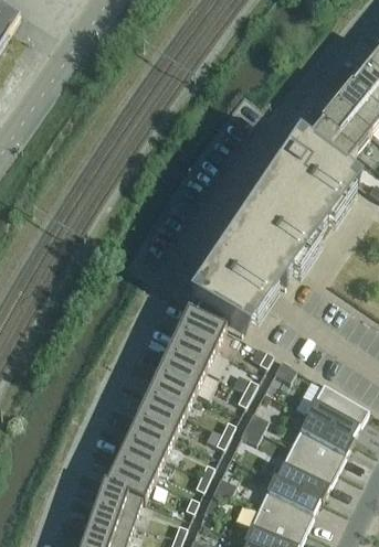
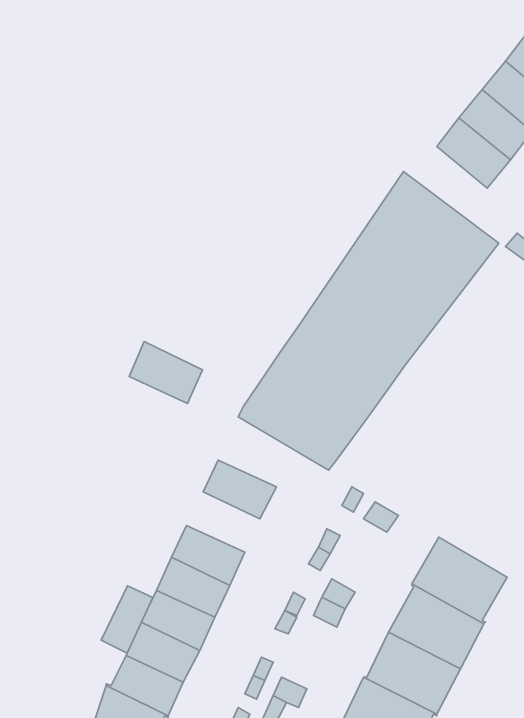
building: [305,126,354,172] -> none
building: [176,310,224,351] -> [129,342,203,403]
building: [155,354,203,394] -> none
building: none -> [101,586,153,653]

